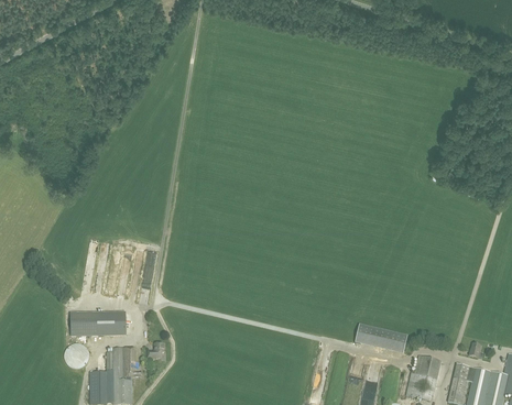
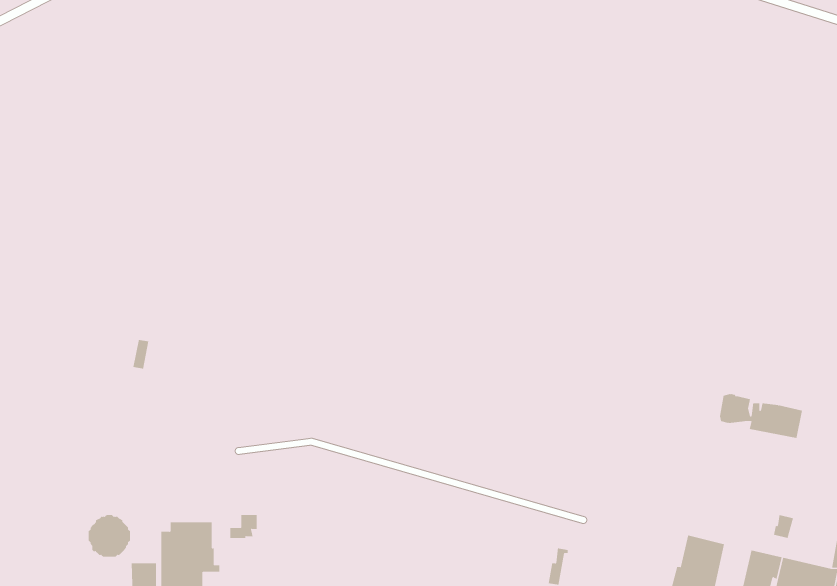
building: [70,311,126,335] -> none
building: [357,324,406,350] -> [719,394,803,438]

